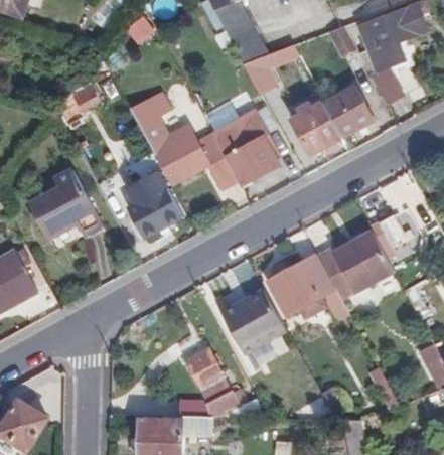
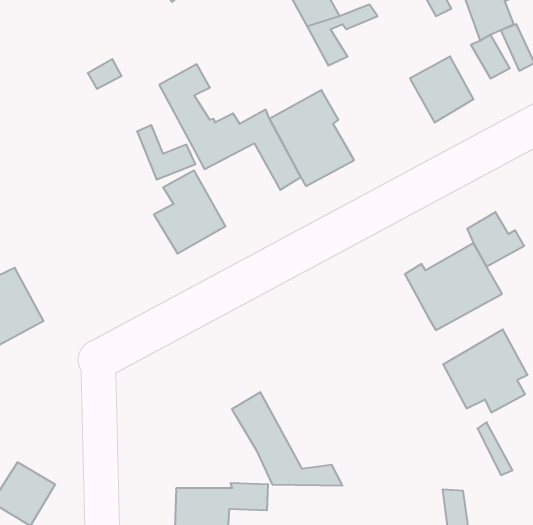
building: [290,102,341,152] -> none
building: [27,170,100,237] -> none
building: [271,252,336,316] -> [443,329,528,412]
building: [225,288,289,351] -> none

